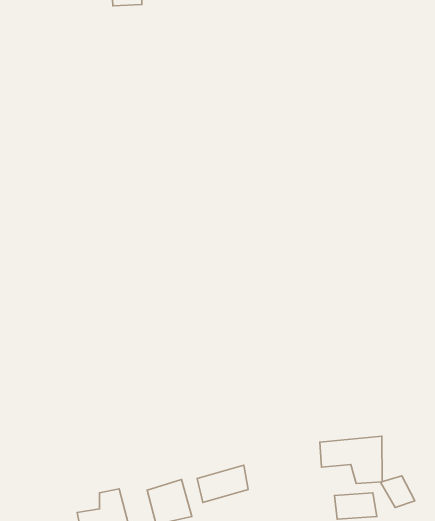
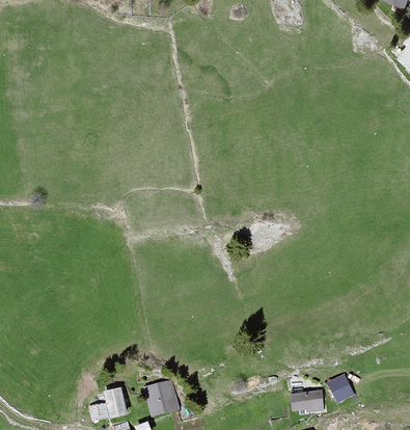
building: [320,436,382,484] -> none
building: [197,465,248,503] -> none

